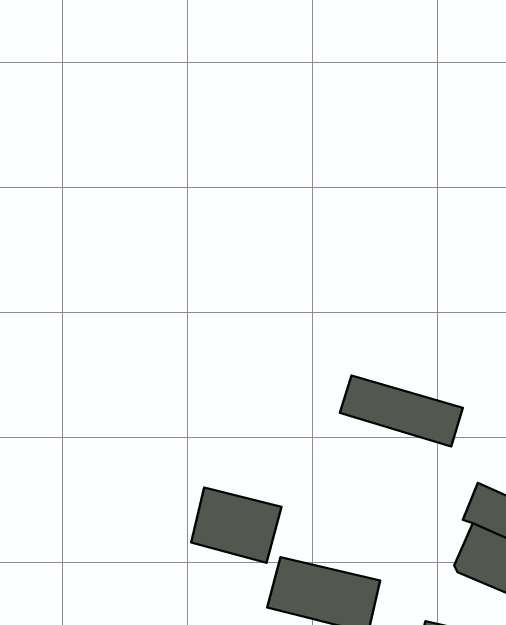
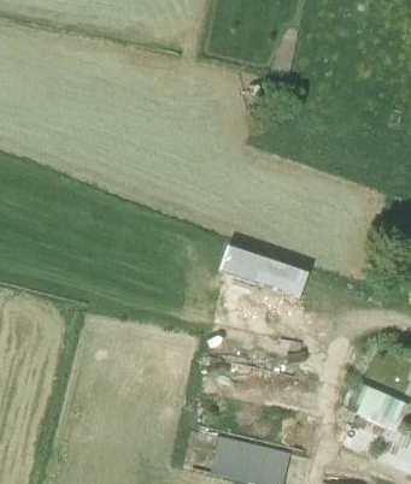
building: [340,376,463,447] -> [219,250,307,301]
building: [191,487,282,563] -> none

